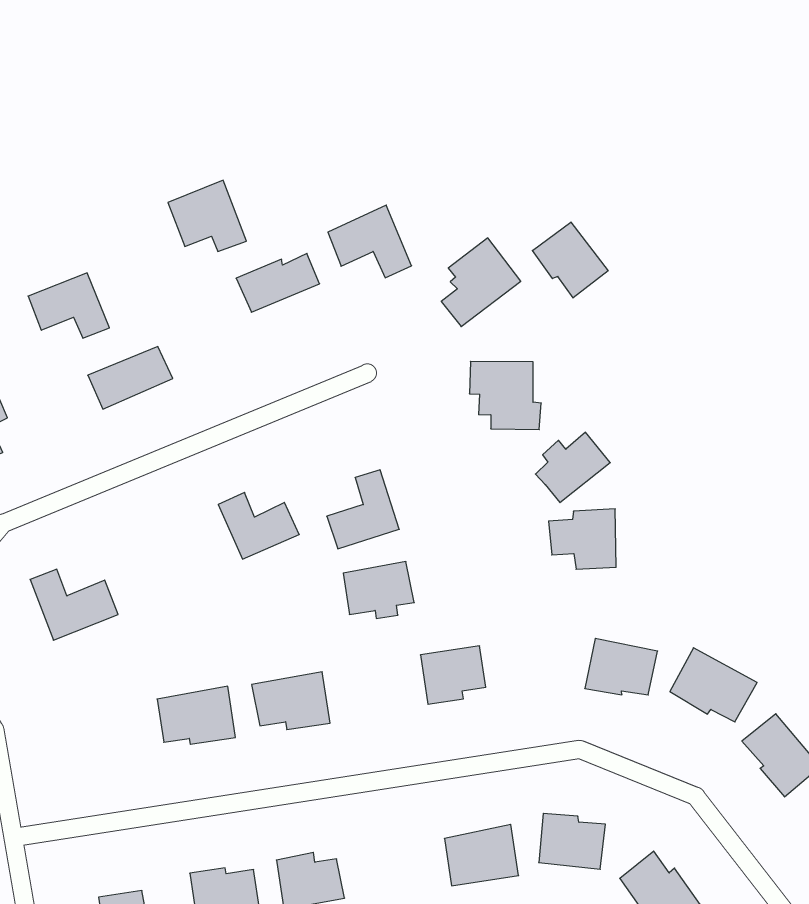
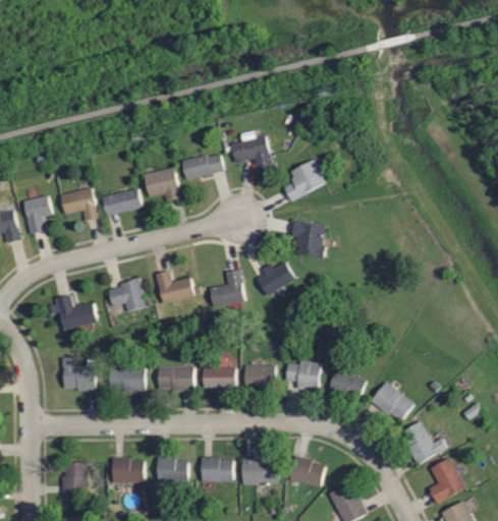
building: [168,180,246,251] -> [145,166,181,201]
building: [532,222,608,298] -> none
building: [28,273,109,338] -> [58,187,97,220]
building: [535,432,610,503] -> [256,262,294,295]
building: [549,509,616,569] -> [285,360,321,392]
building: none -> [107,278,144,310]
building: [343,562,414,618] -> [205,365,238,392]
building: none -> [62,357,95,391]
building: none -> [201,456,232,481]

